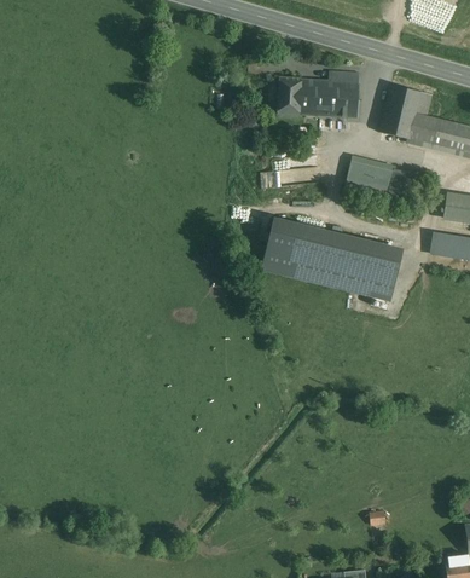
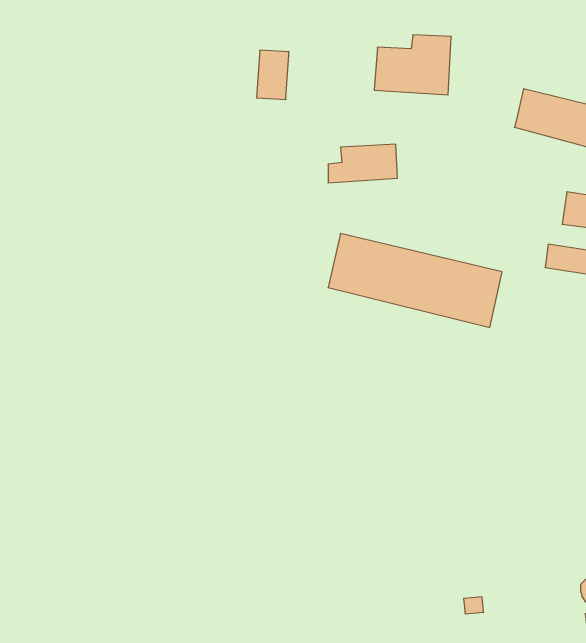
building: [275,75,301,114] -> [257,50,289,100]
building: [379,83,422,138] -> none
building: [347,157,408,201] -> none

